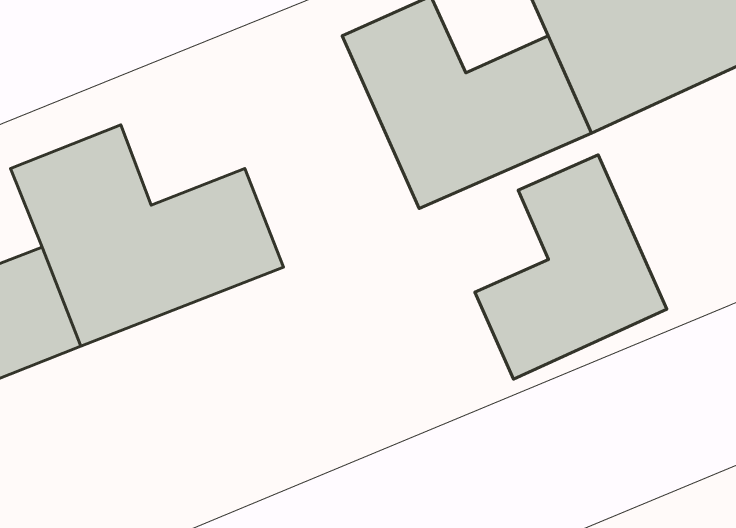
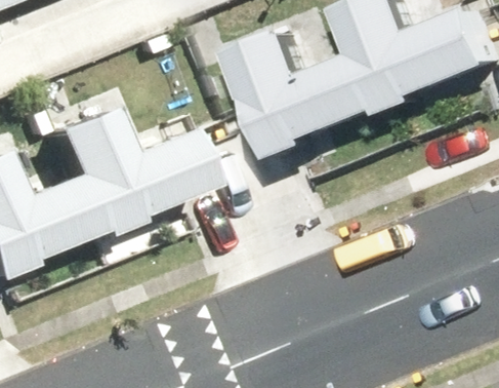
building: [475,155,667,379] -> none

